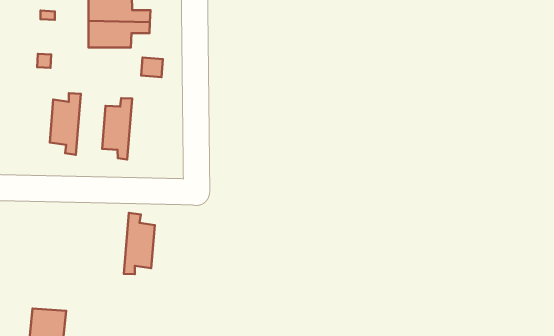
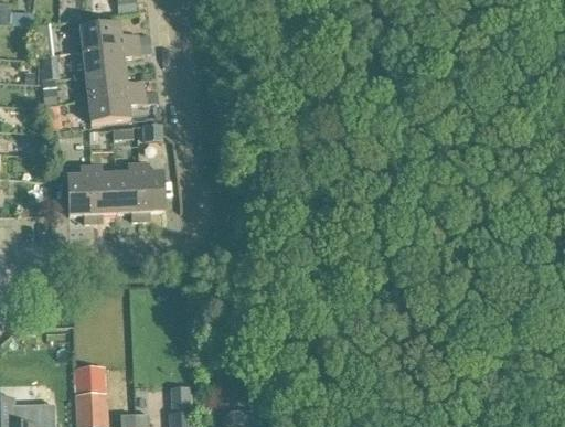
building: none -> [89,166,116,222]
building: [124,213,155,274] -> [137,163,164,220]

